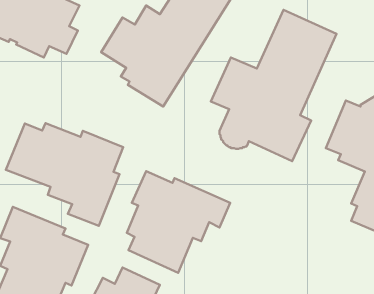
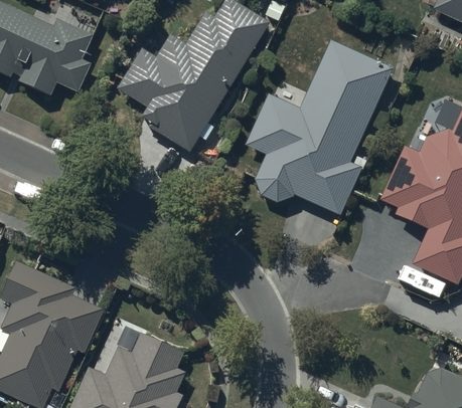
building: [6,123,123,226] -> none
building: [127,171,230,273] -> none

